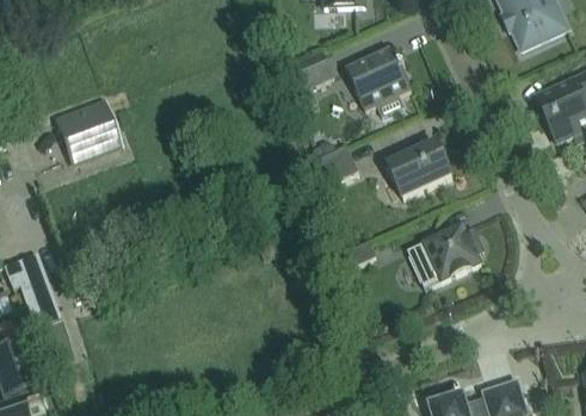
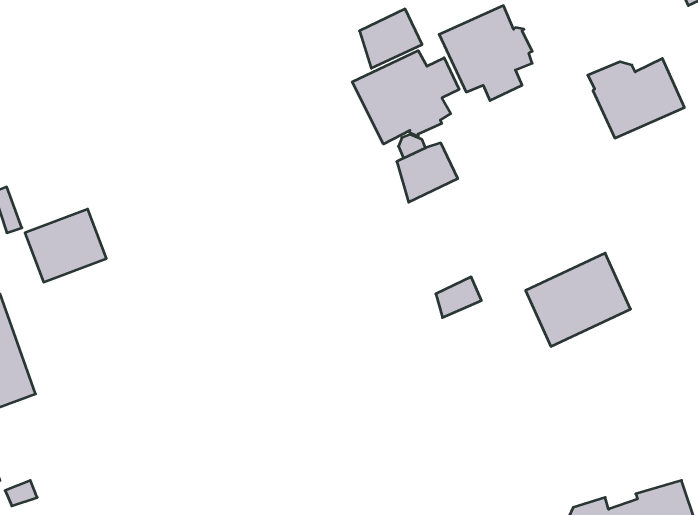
building: none -> [352,51,459,144]
building: [61,103,118,154] -> [25,209,106,282]
building: [383,141,451,197] -> [588,58,684,138]

